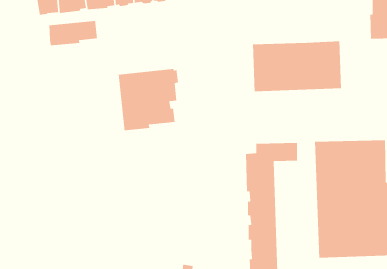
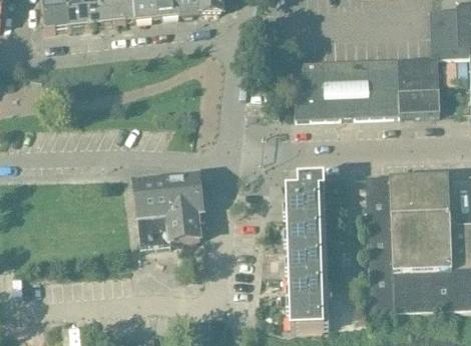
building: [48,20,98,46] -> none
building: none -> [397,57,441,114]
building: [118,68,179,131] -> [134,175,205,248]

